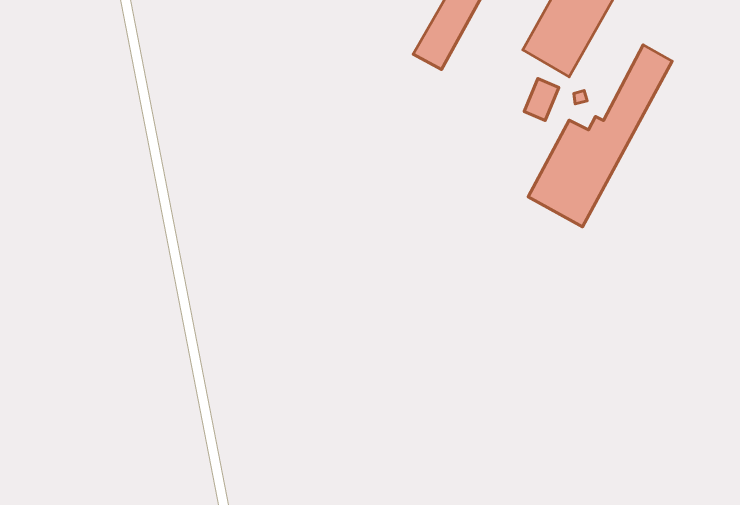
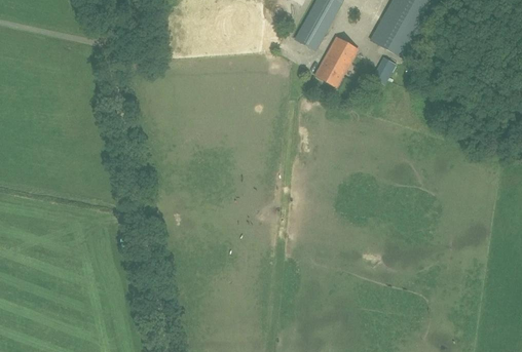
building: [528,45,672,227] -> none
building: none -> [315,38,357,87]

